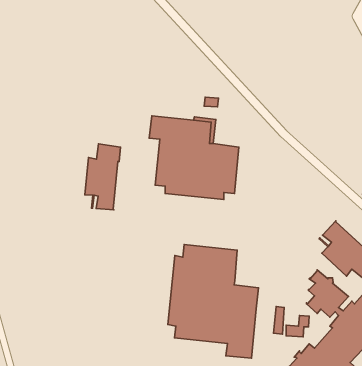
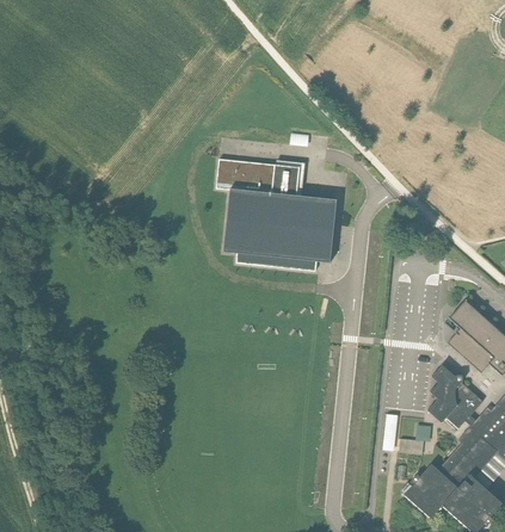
building: [85,144,121,210] -> none
building: [168,244,258,358] -> none

